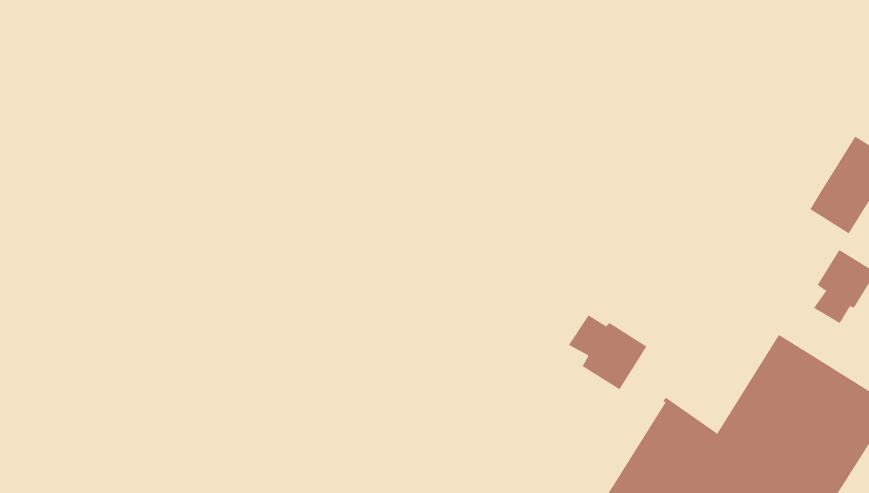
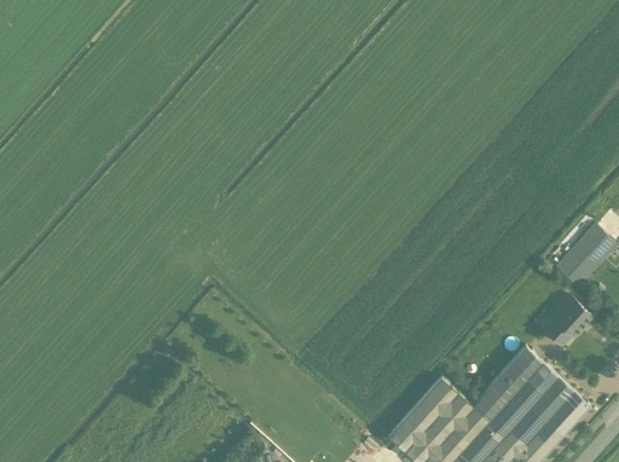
building: [568,314,647,390] -> none

